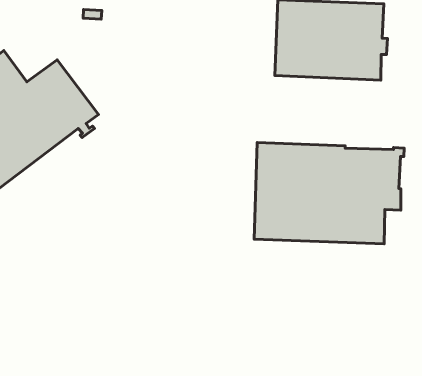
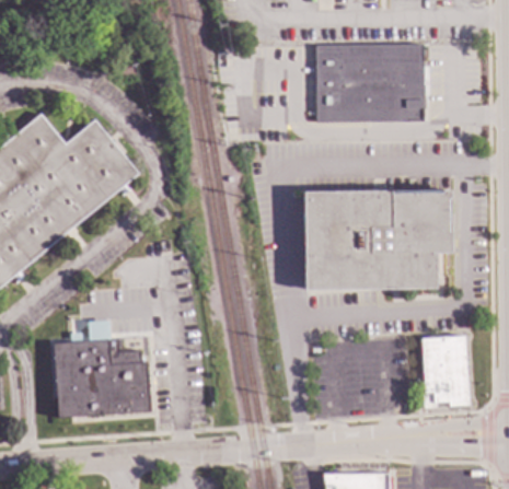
building: none -> [53,319,150,417]
building: none -> [420,335,470,409]

